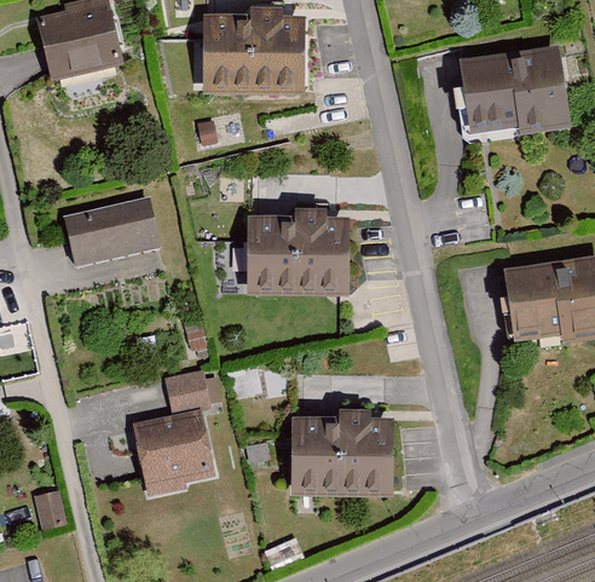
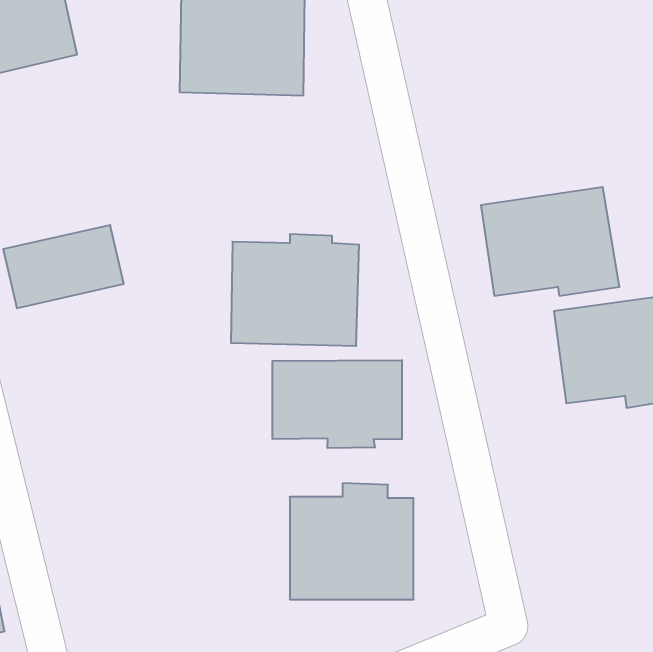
building: [460,45,571,132] -> [481,187,620,296]
building: none -> [272,360,402,448]
building: [133,369,219,497] -> none

